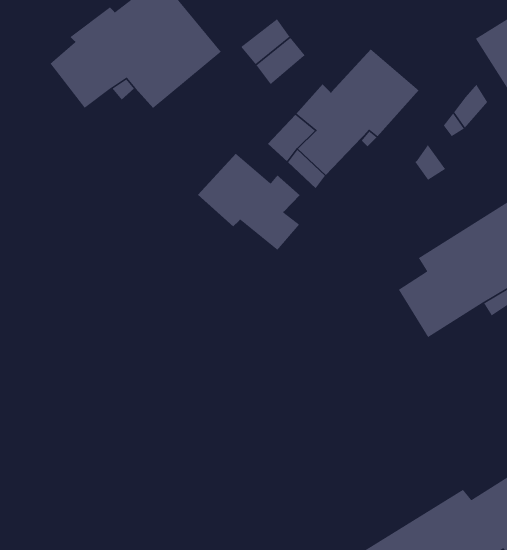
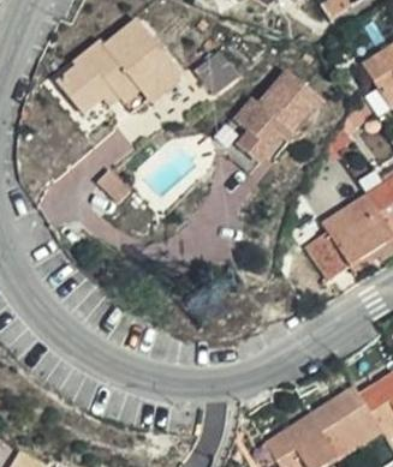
building: [197,153,300,251] -> none

